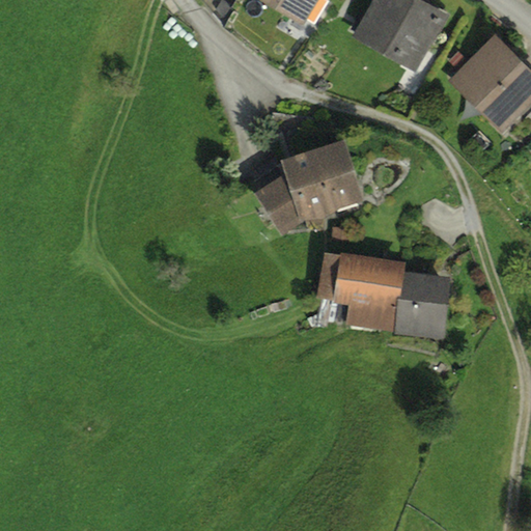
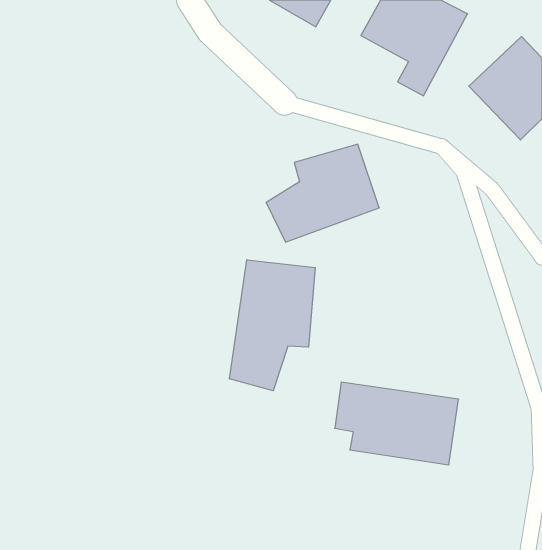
building: none -> [229,260,315,391]
building: [332,256,451,336] -> [335,382,459,465]

